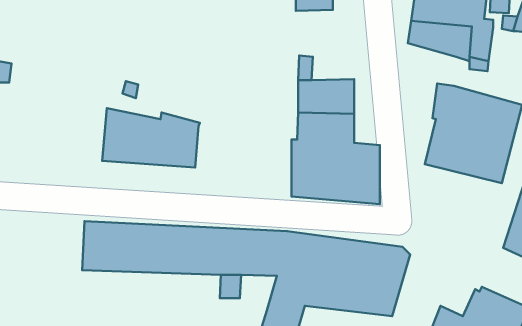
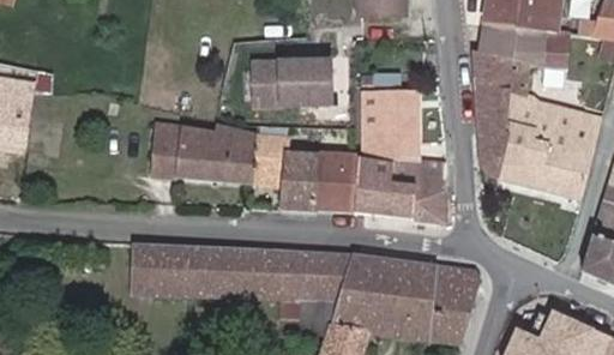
building: none -> [471,48,530,180]
building: none -> [253,56,331,102]
building: none -> [251,139,354,212]
building: none -> [299,299,338,337]

